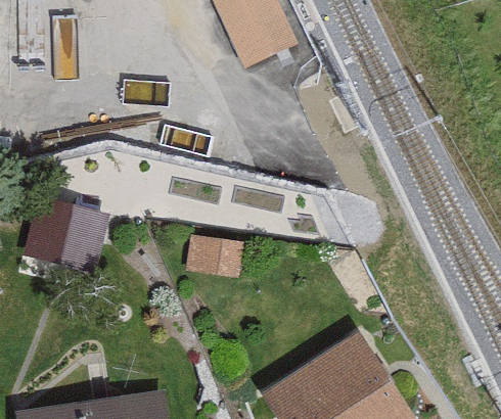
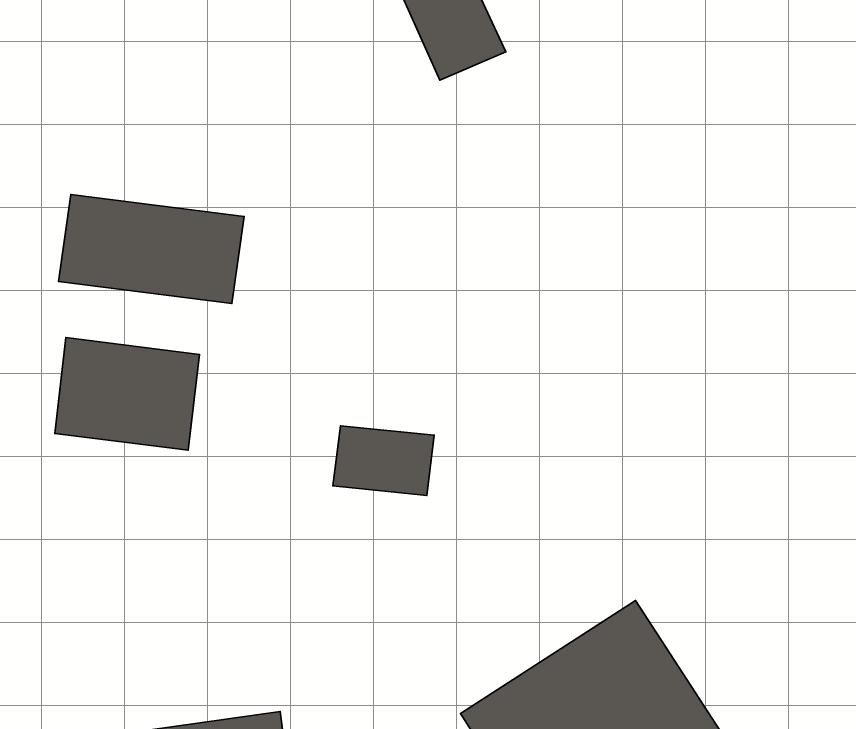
building: none -> [59,194,244,304]

